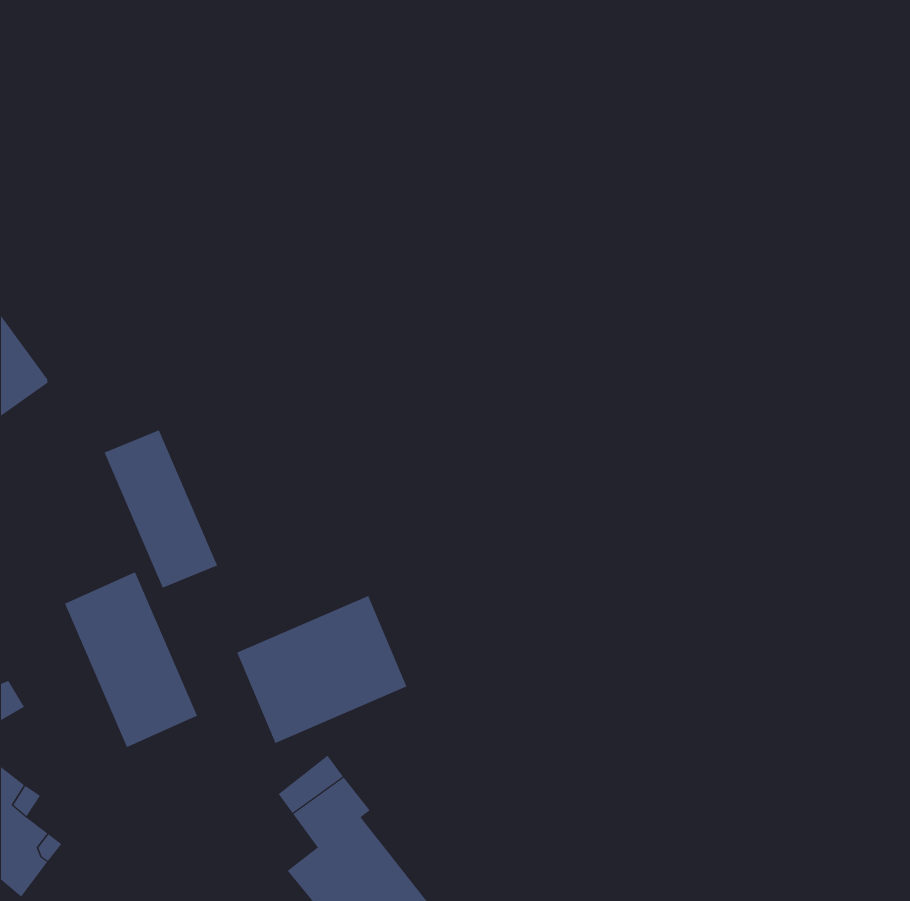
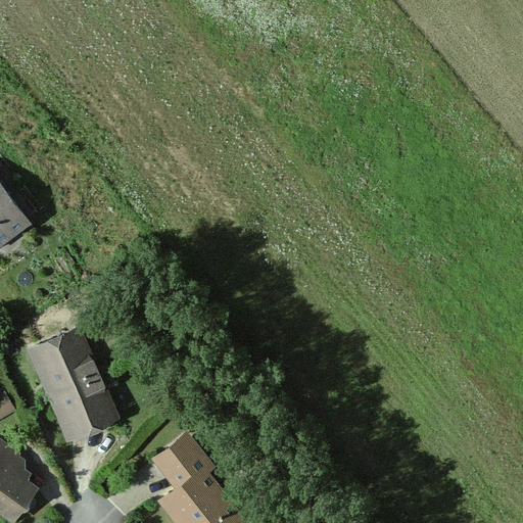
building: [104,430,218,588] -> none
building: [237,595,407,744] -> none

